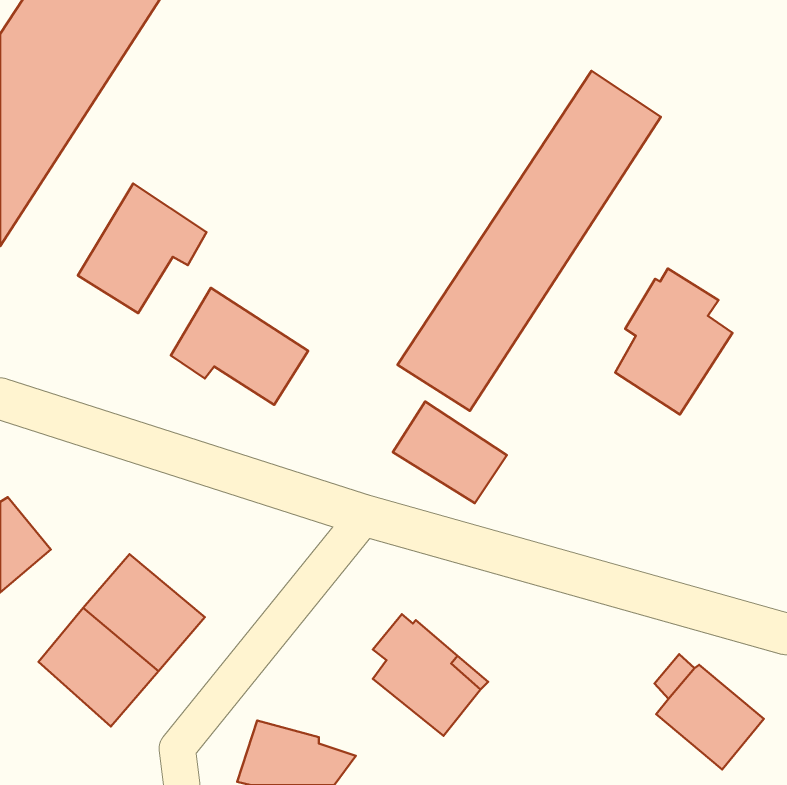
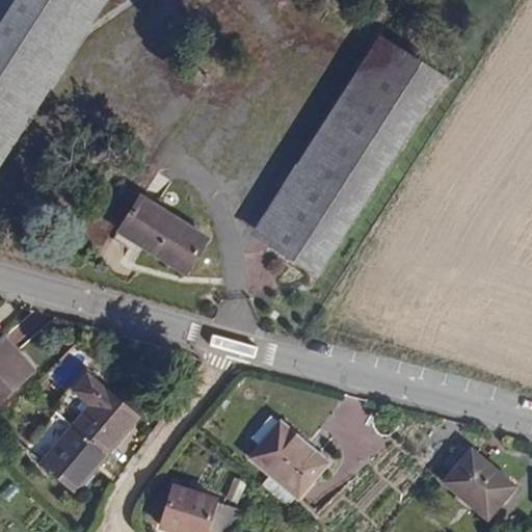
building: none -> [250,34,399,246]
building: [78,184,207,313] -> none
building: [615,268,733,414] -> none
building: [393,401,507,503] -> none

